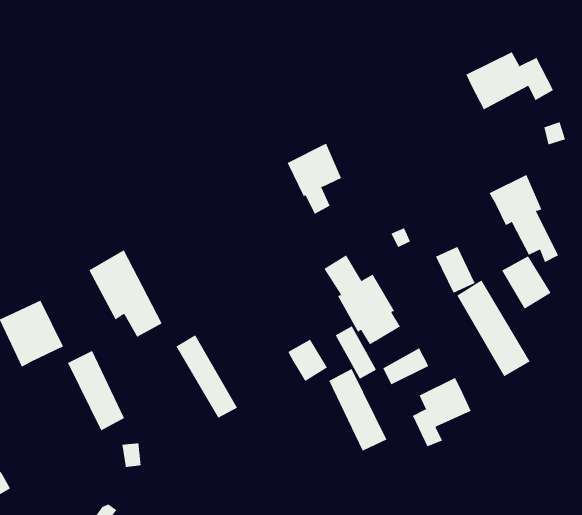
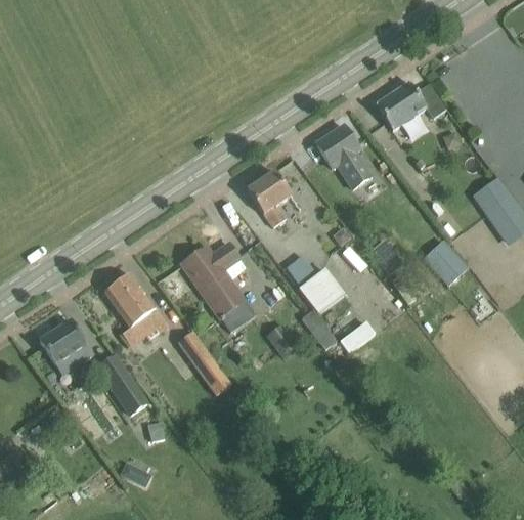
building: [489,174,559,263] -> [315,125,376,191]
building: none -> [181,243,253,332]
building: [457,280,531,377] -> none
building: [328,368,387,452] -> none
building: [412,377,472,447] -> none

